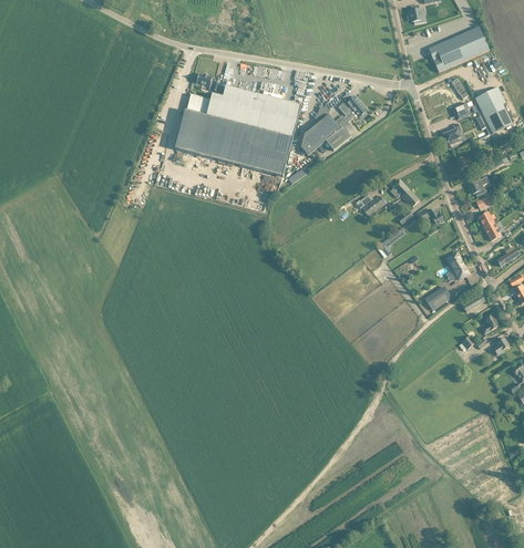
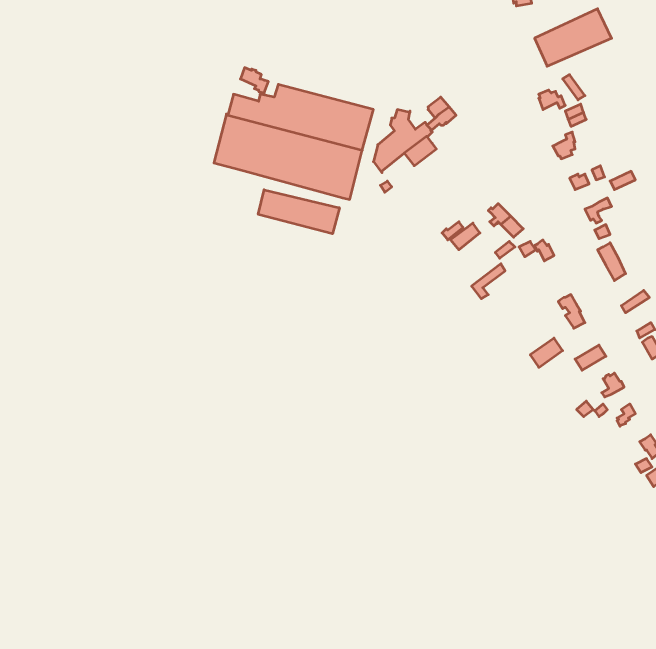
building: [474,85,511,132] -> none
building: none -> [258,190,339,234]

